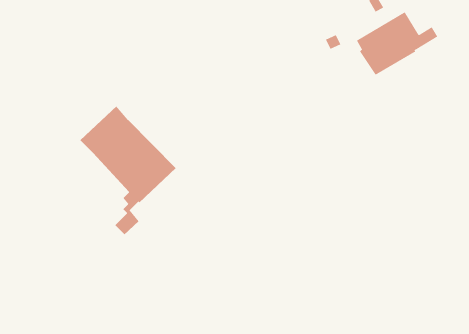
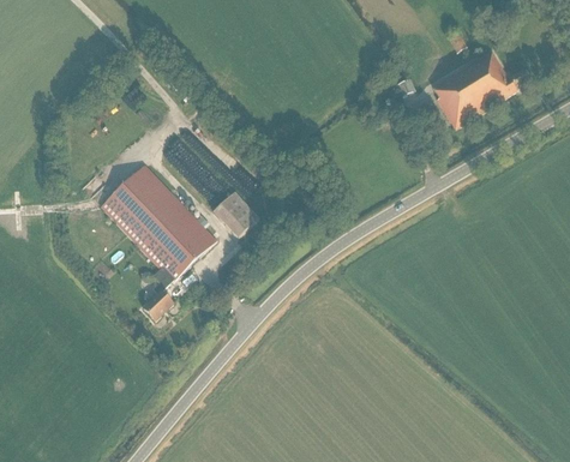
building: none -> [212,191,259,236]

